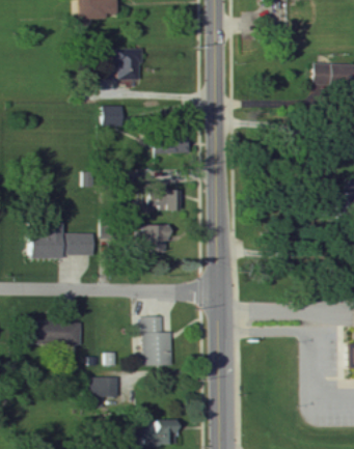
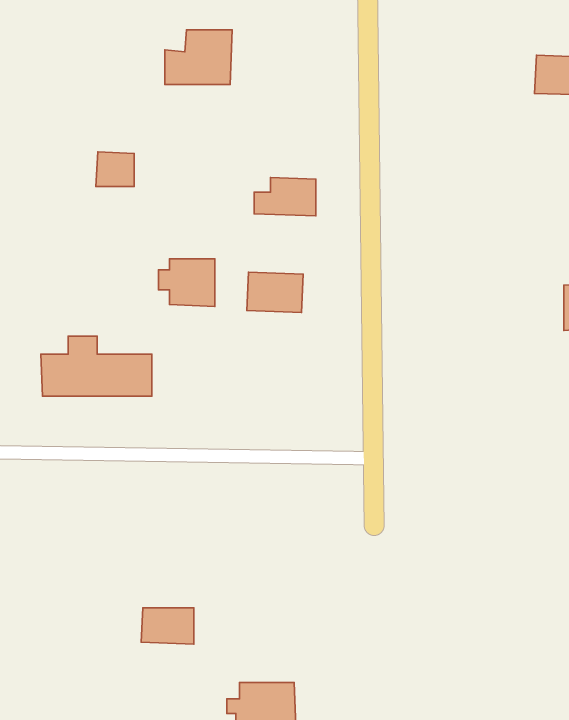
building: [102,105,124,124] -> [96,152,134,186]
building: [137,224,169,251] -> [158,259,215,306]
building: [142,315,173,365] -> none
building: [30,320,83,343] -> none

